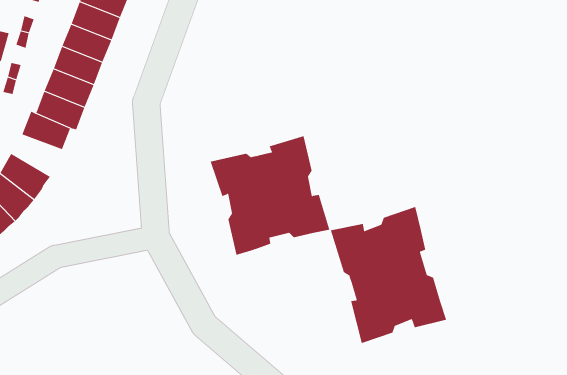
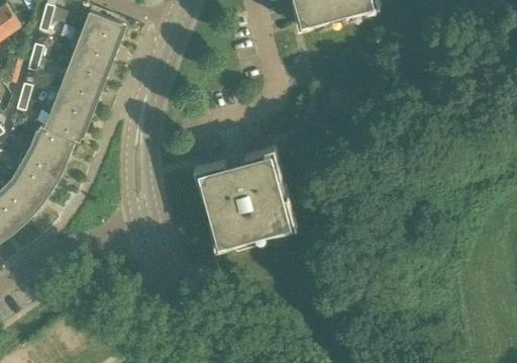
building: none -> [22,147,67,183]
building: [330,206,447,344] -> none

